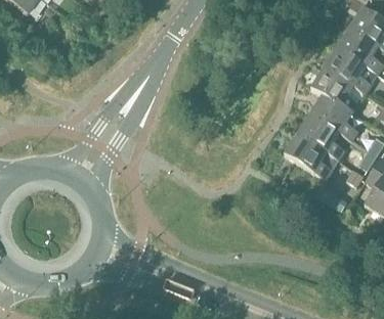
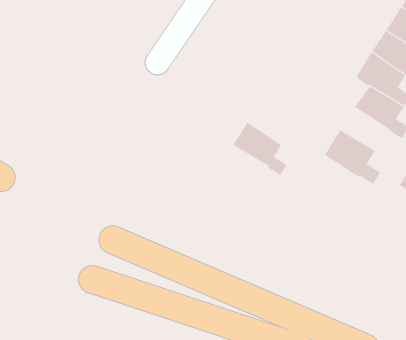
building: [298,115,345,161] -> [232,122,288,176]

